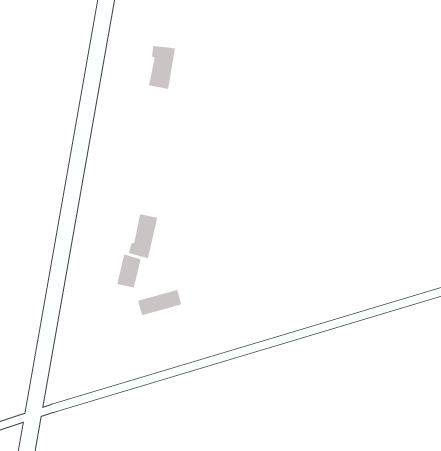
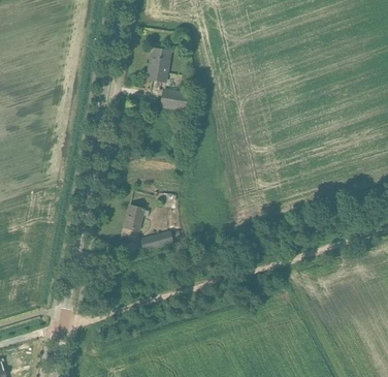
building: none -> [160,90,188,111]
building: [128,214,158,259] -> none

